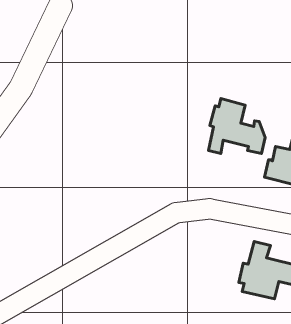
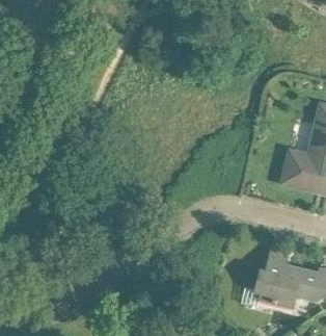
building: [208,98,265,153] -> none

